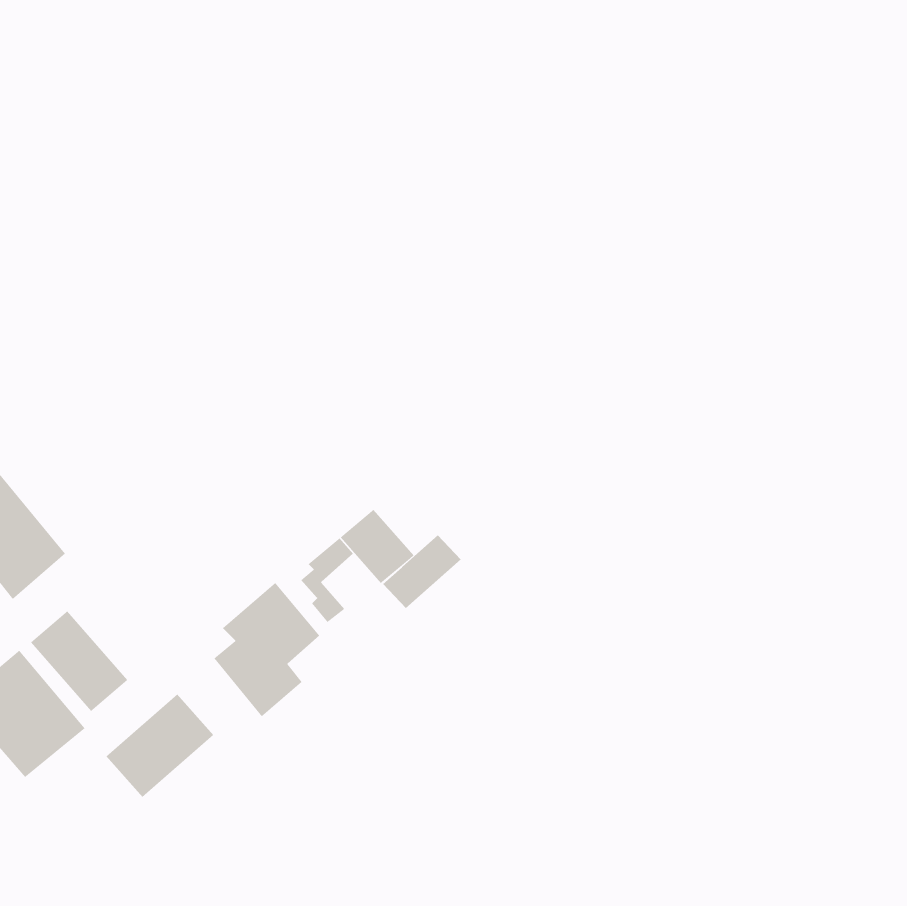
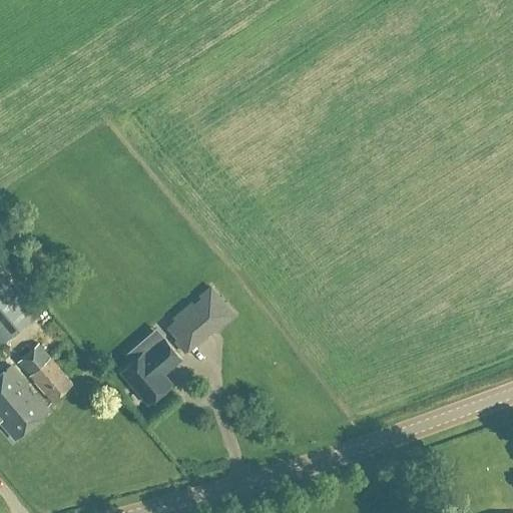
building: [382,535,461,609] -> none
building: [105,693,214,798] -> none

